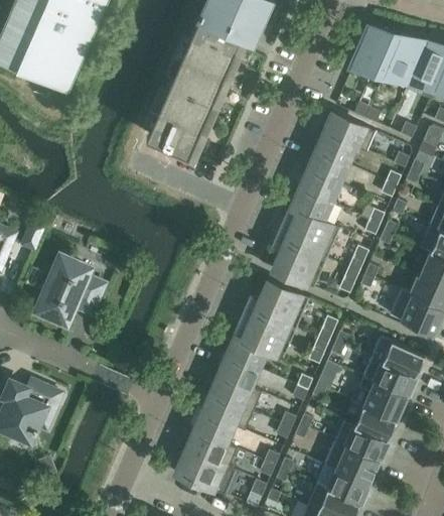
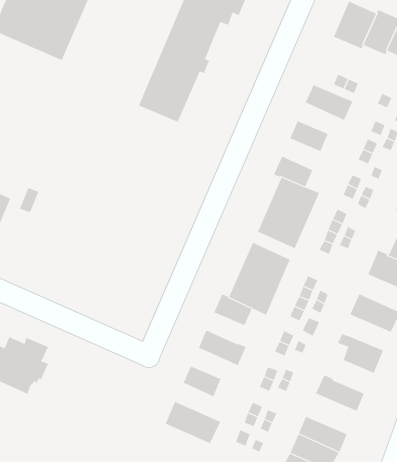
building: [315,132,356,165] -> none
building: [299,170,340,204] -> none
building: [38,256,104,322] -> none
building: [218,355,260,388] -> none
building: [362,357,415,395] -> none
building: [202,392,253,430] -> none
building: [353,405,397,440] -> none
building: [185,429,237,468] -> none
building: [324,440,379,484] -> none

